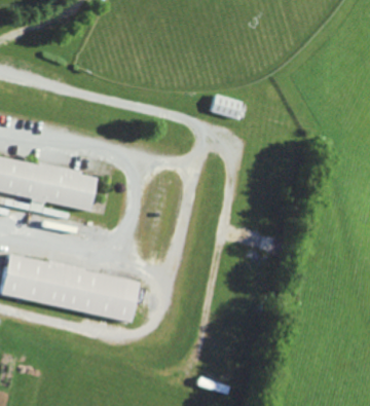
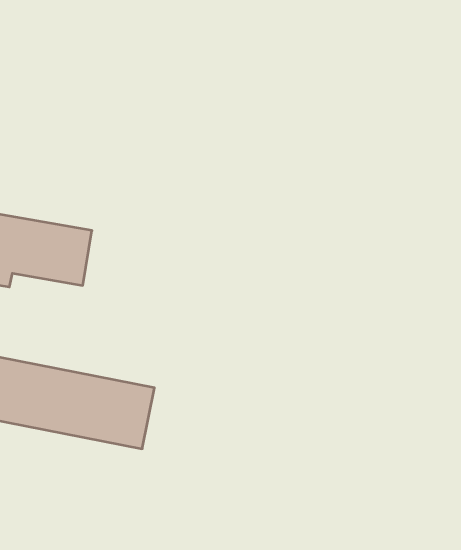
building: [211,94,242,118] -> none

